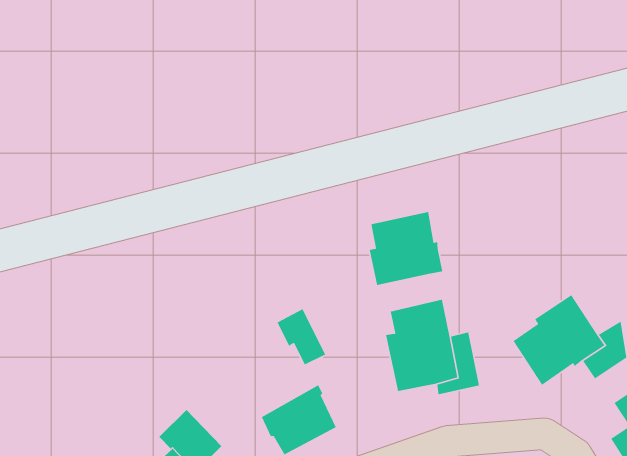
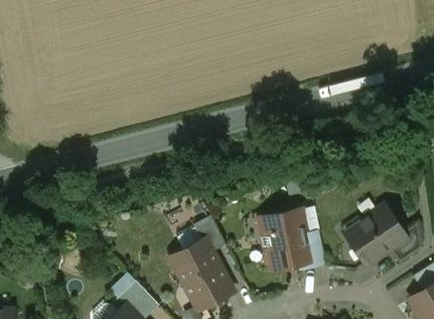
building: [369,211,443,286] -> none
building: none -> [170,236,221,284]

